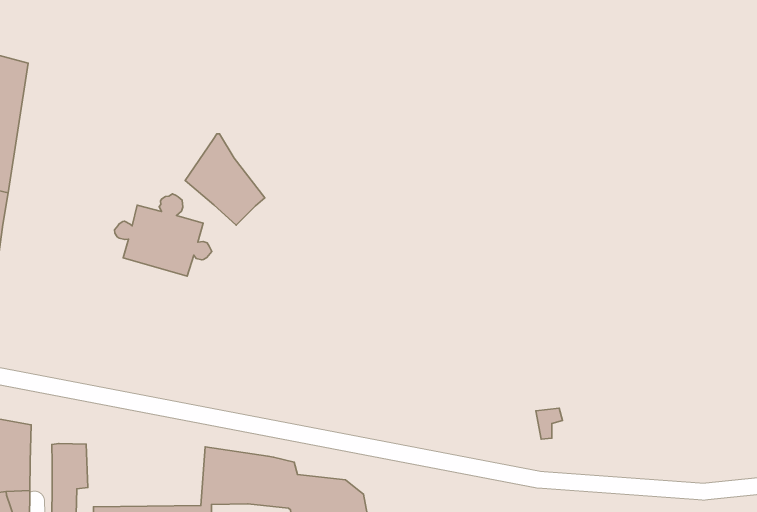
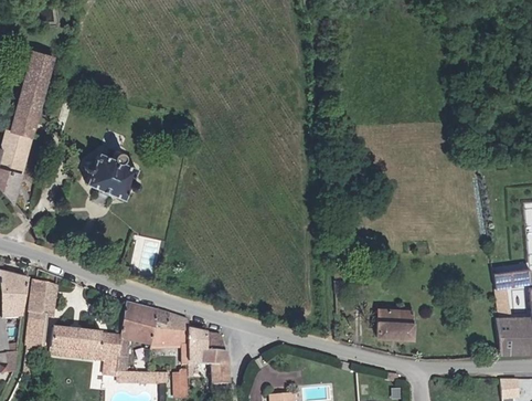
building: [185,134,265,225] -> none
building: none -> [376,313,414,342]

